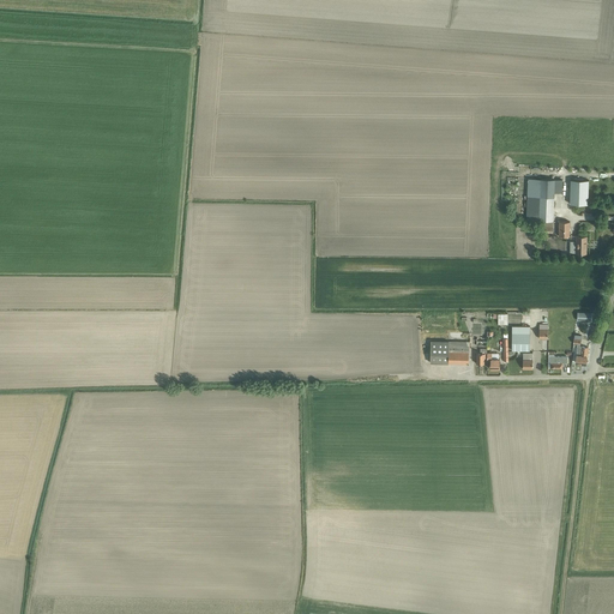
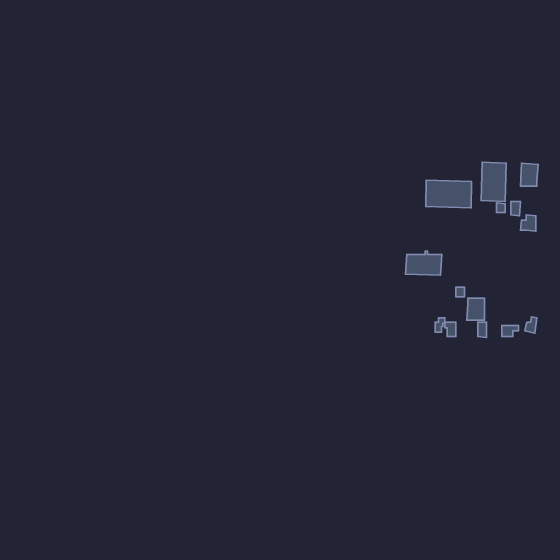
building: none -> [426,180,471,208]
building: [429,337,469,363] -> [406,251,442,275]

